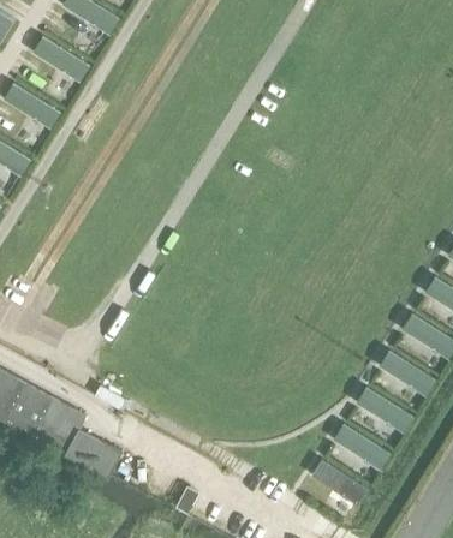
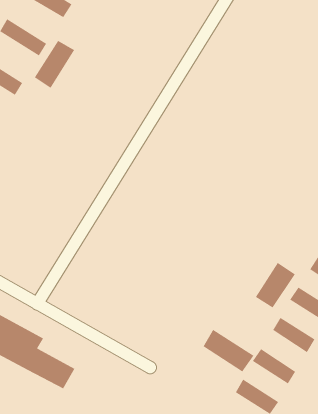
building: none -> [34,40,75,89]
building: none -> [255,262,296,308]
building: none -> [203,329,255,373]

